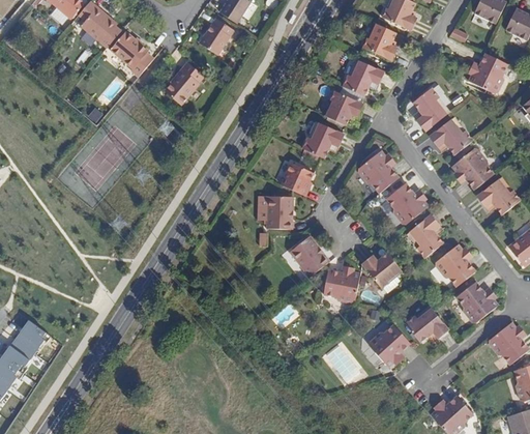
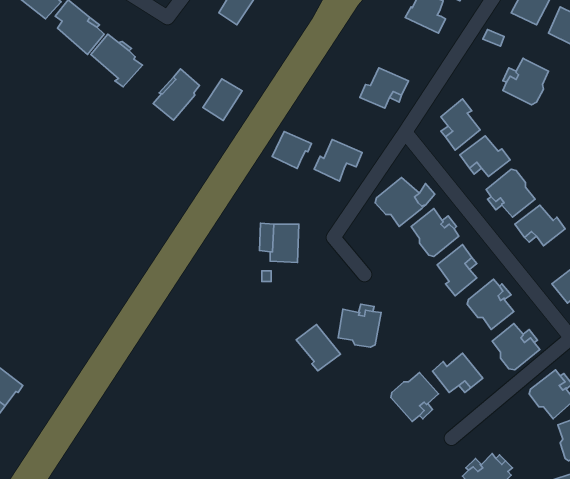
building: [200,19,234,55] -> [203,79,242,121]
building: [363,23,398,60] -> none
building: [326,90,364,125] -> none
building: [282,163,316,195] -> [272,132,311,169]
building: [291,236,329,277] -> [296,324,340,371]
building: [362,253,402,288] -> none

